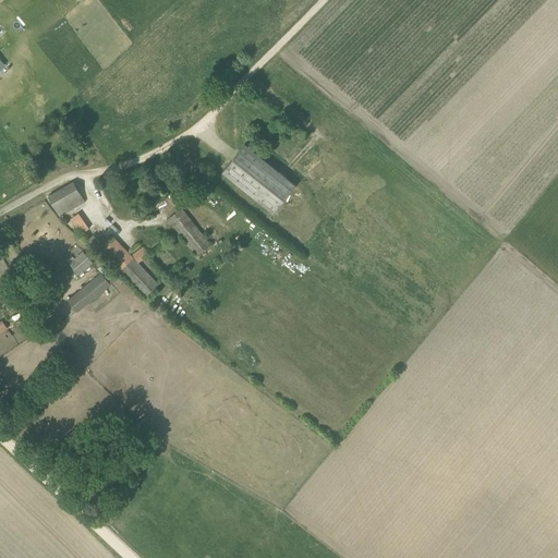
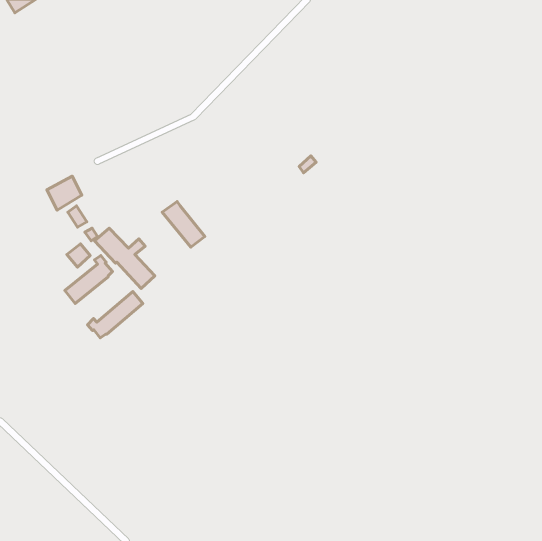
building: [222,143,296,213] -> none
building: none -> [87,291,143,338]

